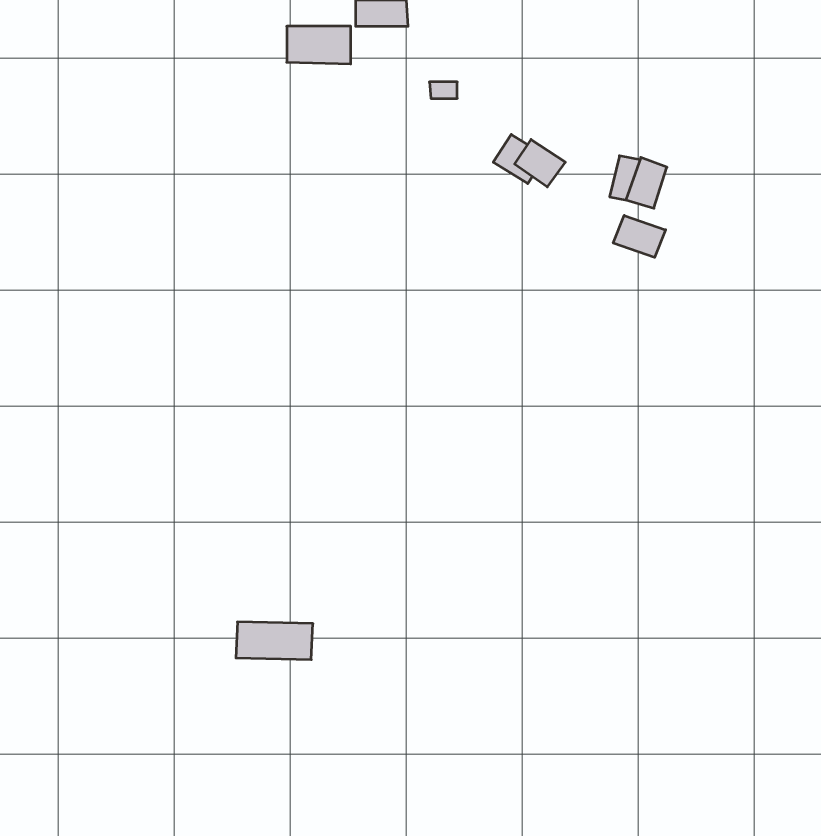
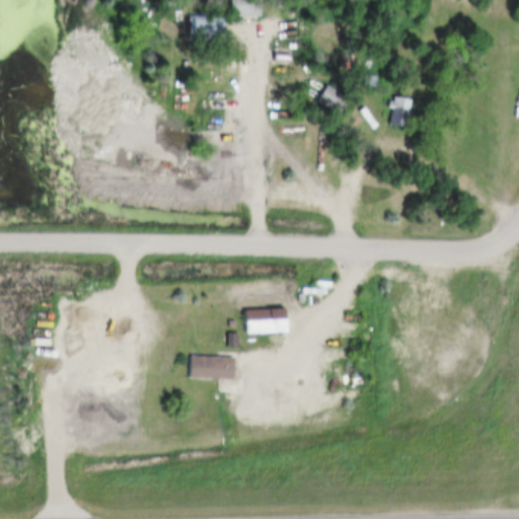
building: [613,215,666,257] -> none
building: none -> [243,306,288,333]
building: [236,622,313,660] -> [189,356,236,379]

